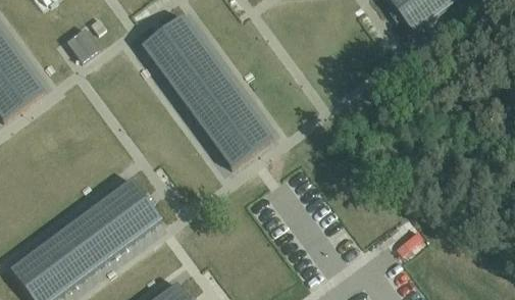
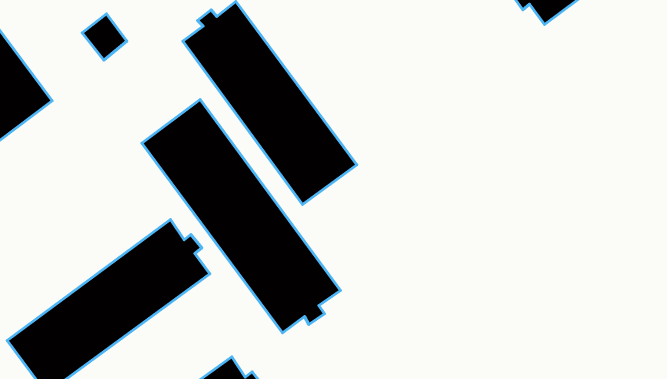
building: none -> [142,99,340,333]

